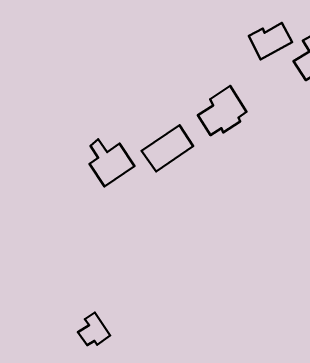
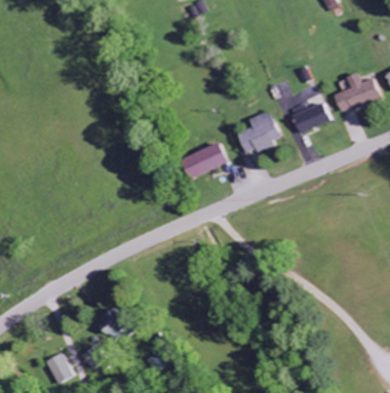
building: [249,23,292,59] -> [291,102,332,133]
building: [89,139,135,187] -> none

